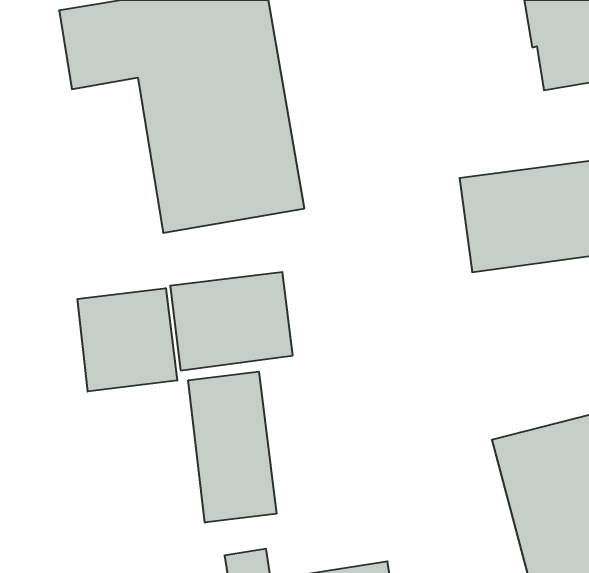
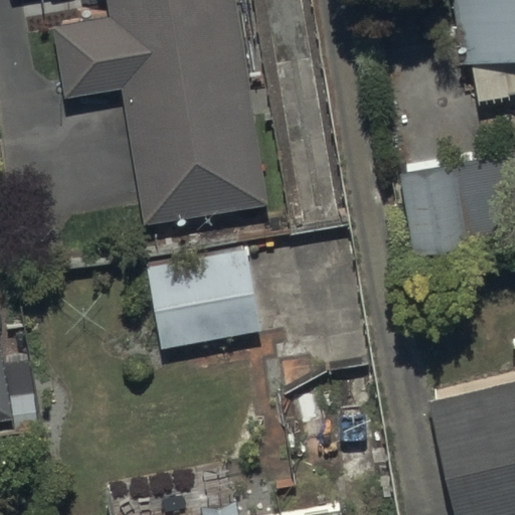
building: [78,288,177,392] -> none
building: [188,372,276,523] -> none

